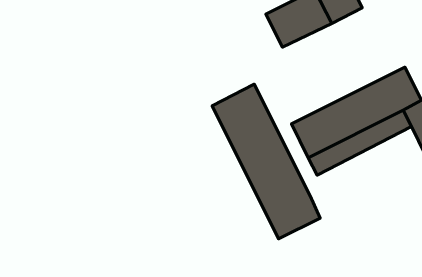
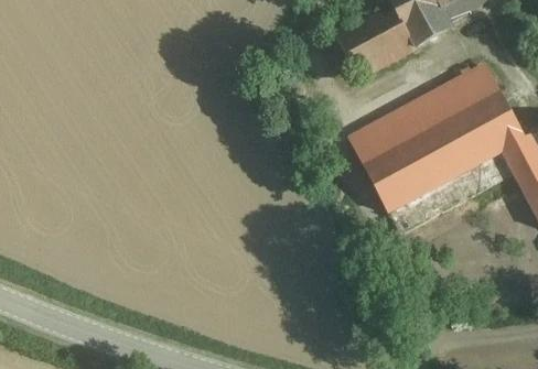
building: none -> [351,62,504,164]
building: [212,84,320,239] -> none

